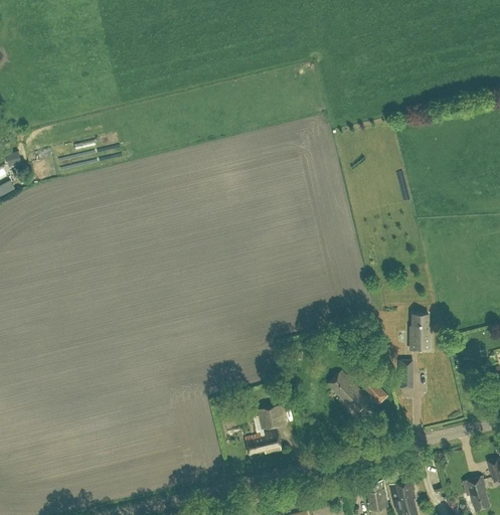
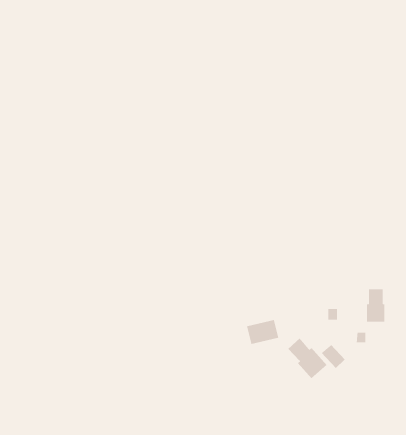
building: [253,403,288,431] -> [246,319,279,345]
building: [245,432,280,454] -> none

